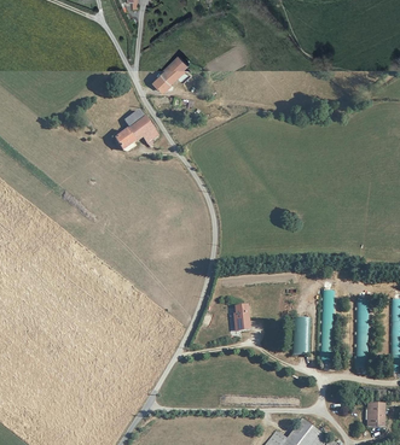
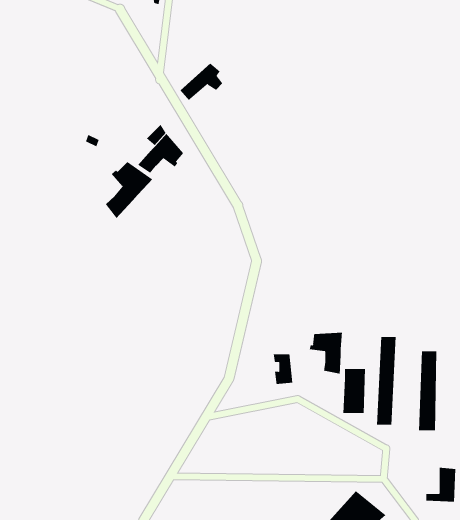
building: none -> [105,161,153,219]
building: none -> [309,332,342,375]

